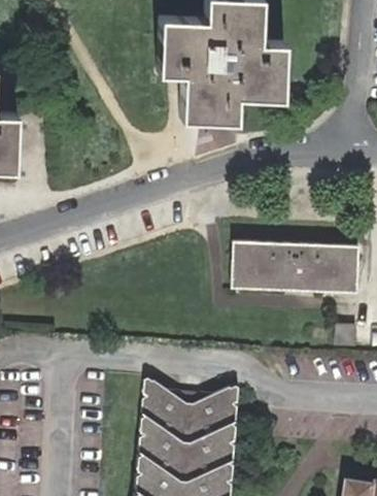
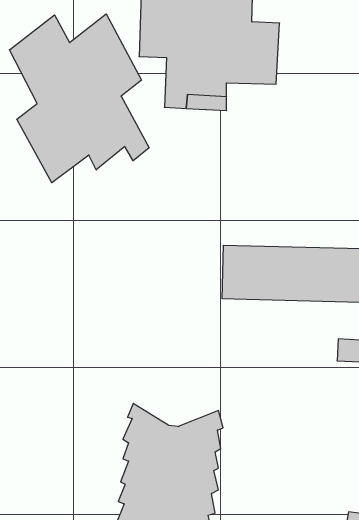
building: none -> [9,14,149,183]

